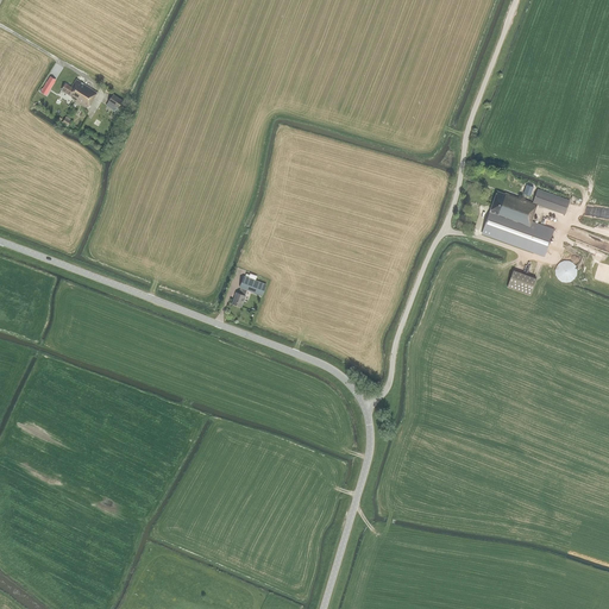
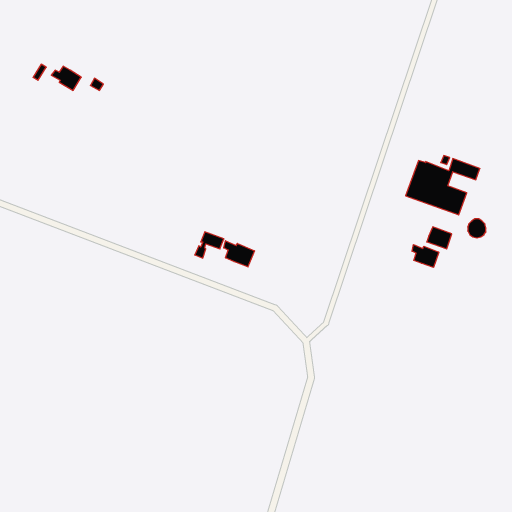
building: none -> [224,241,254,267]
building: none -> [412,245,439,267]

